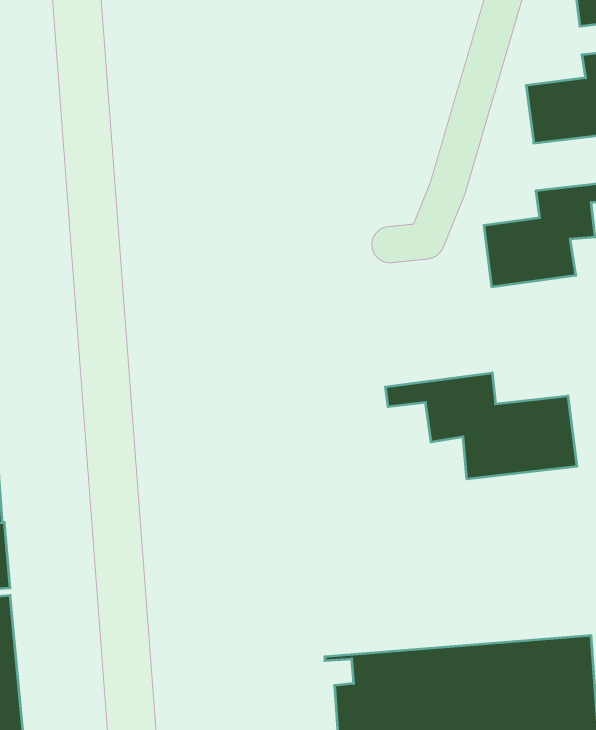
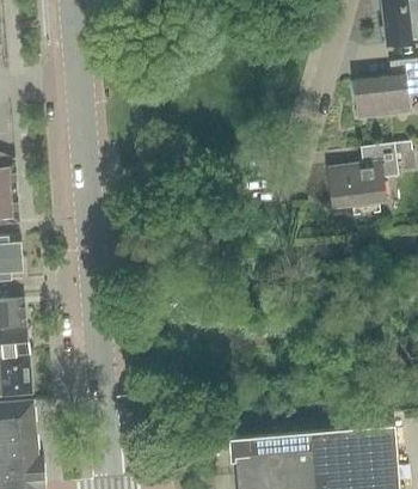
building: [385,373,577,479] -> none

